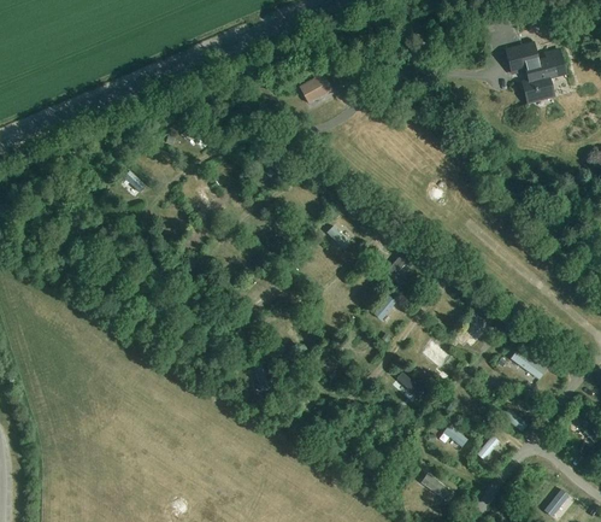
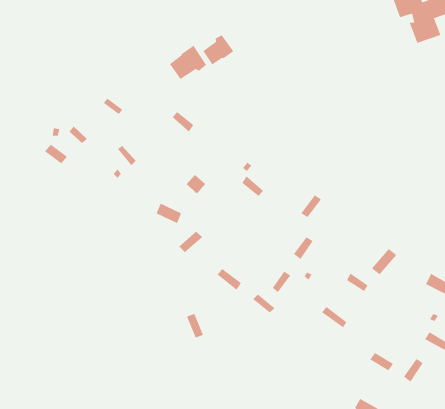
building: none -> [169,45,207,80]

